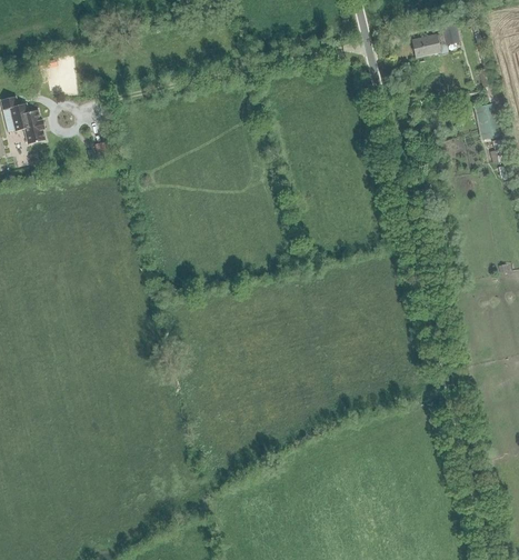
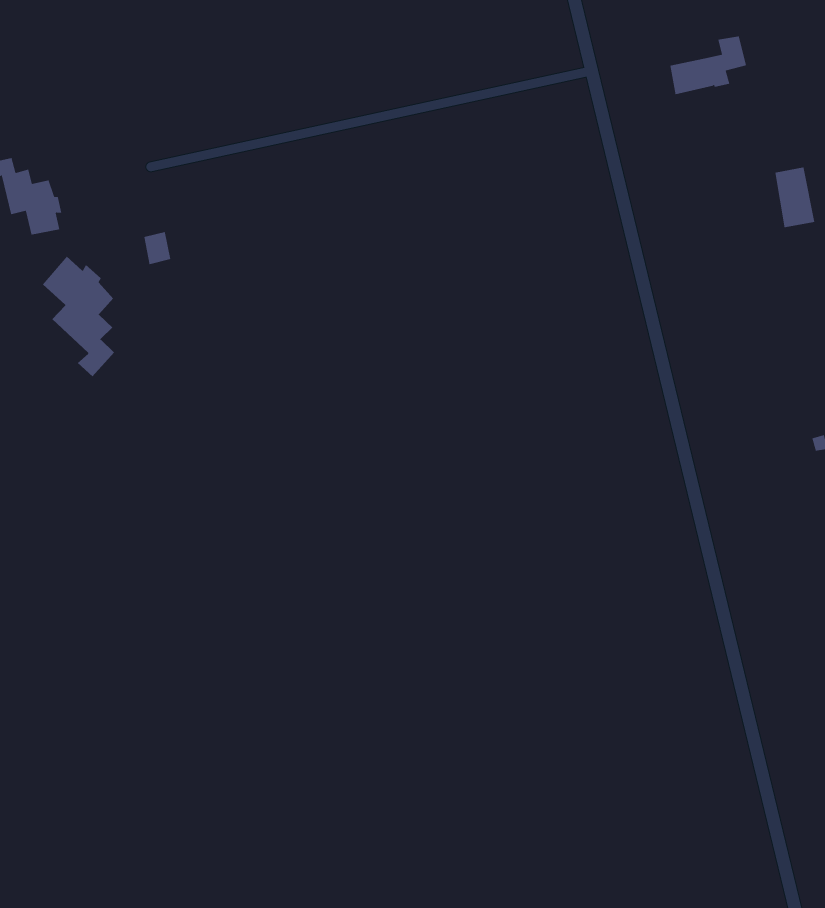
building: none -> [42,256,115,377]

